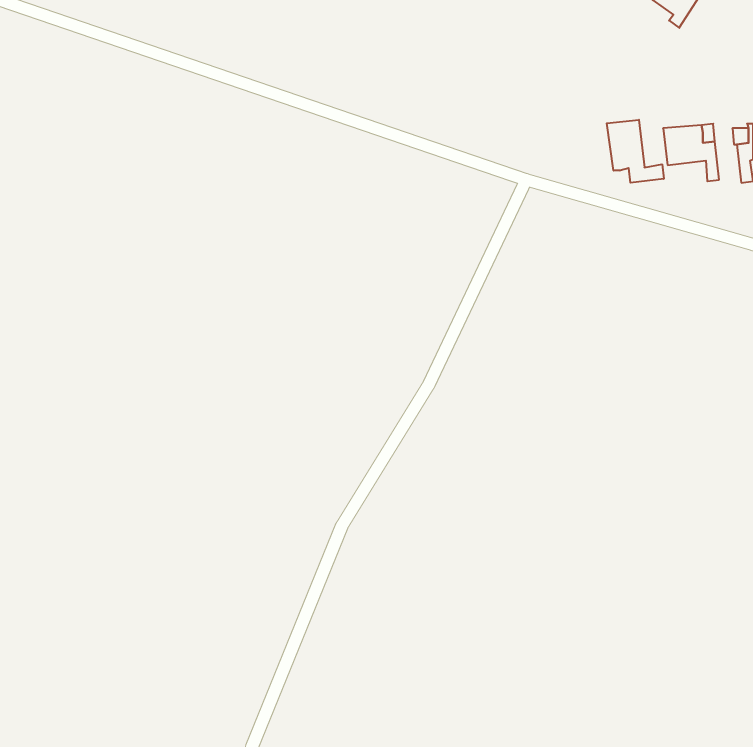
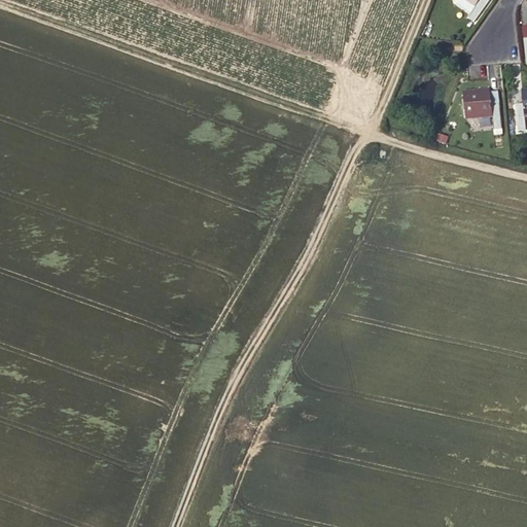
building: [607,120,664,183] -> none

